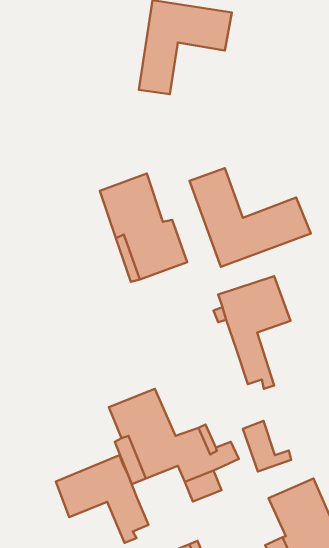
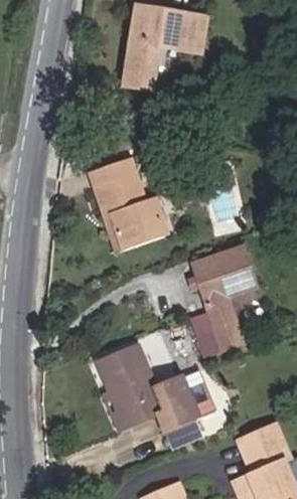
building: [190,168,311,267] -> none
building: [243,421,291,471] -> [191,312,234,356]
building: [56,455,148,543] -> none

